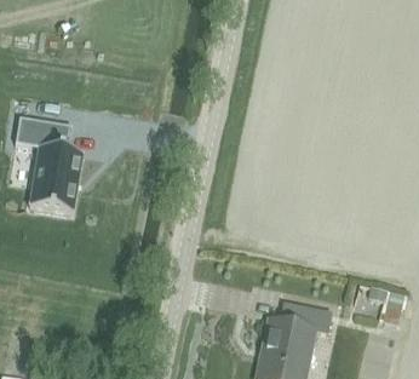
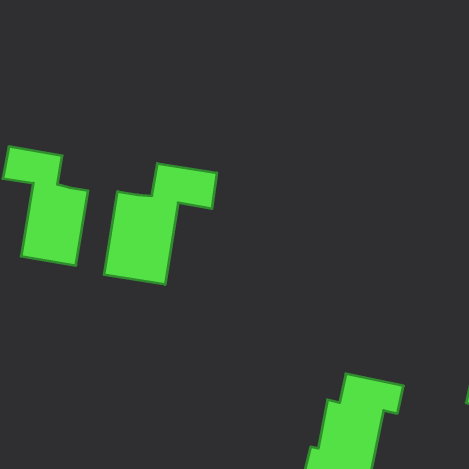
building: none -> [104,163,217,285]

